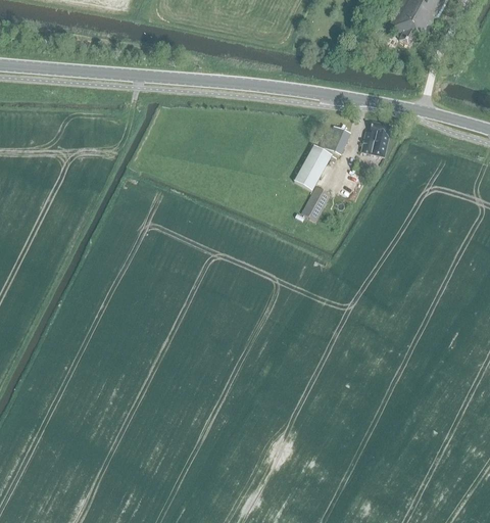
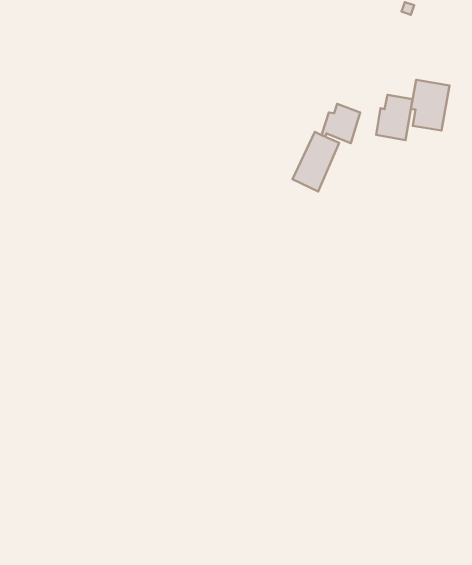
building: none -> [411,80,449,131]
building: [301,186,330,221] -> none

